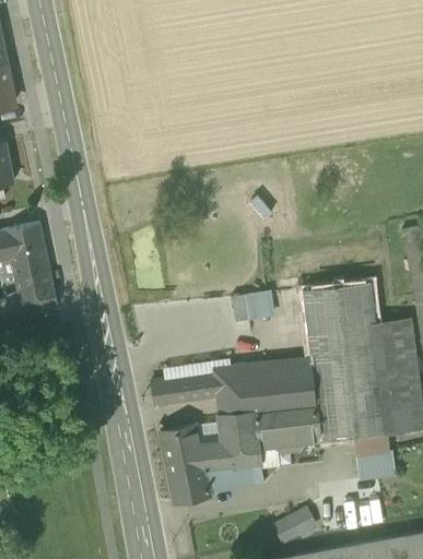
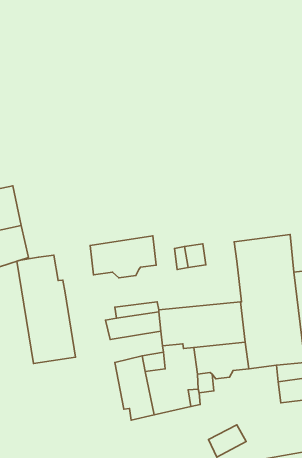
building: none -> [90,236,156,278]
building: none -> [17,255,75,363]

